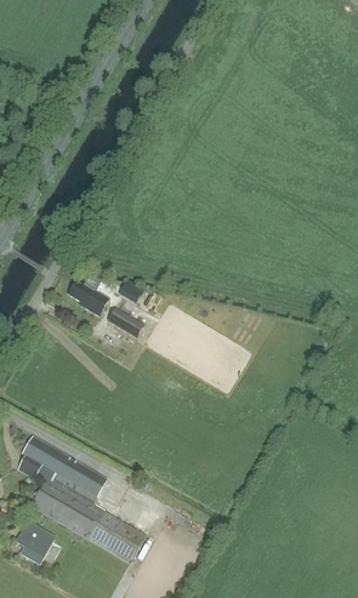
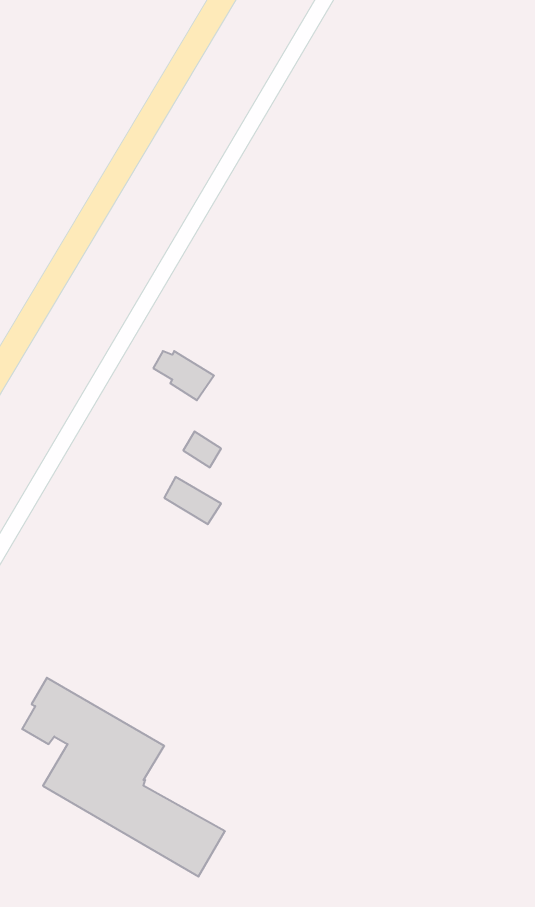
building: [69,283,108,314] -> [153,351,214,400]
building: [16,519,56,564] -> none

